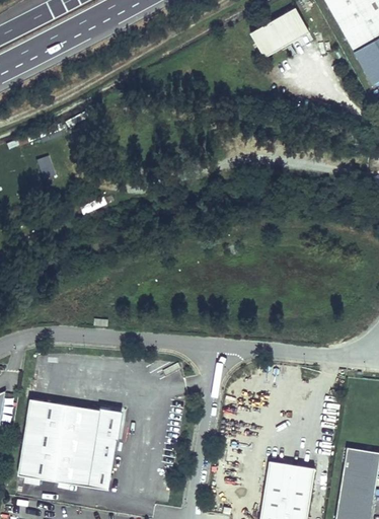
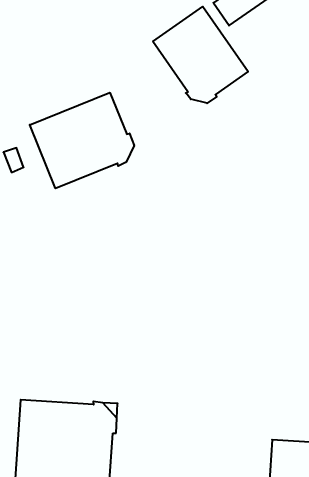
building: none -> [153,7,248,103]
building: none -> [30,93,134,188]

